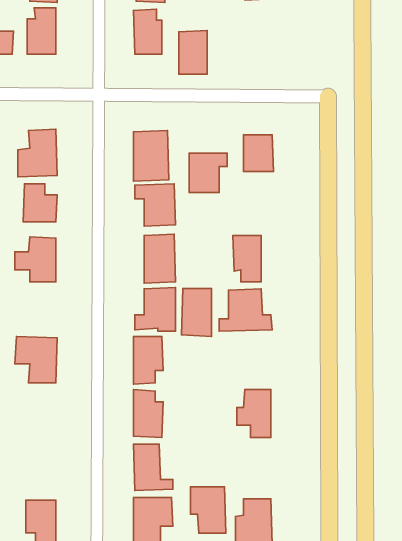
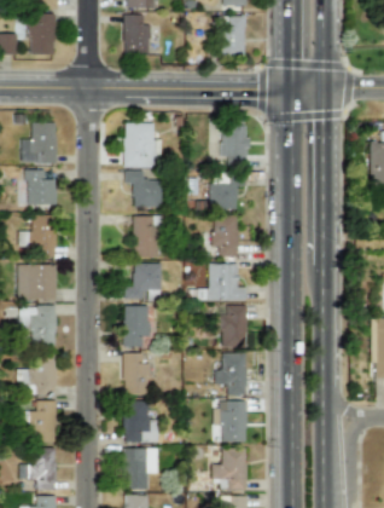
building: [179,31,207,74] -> [221,16,246,54]
building: [189,153,227,193] -> [211,173,245,208]
building: [181,289,211,336] -> [221,305,248,347]
building: none -> [18,264,58,299]
building: none -> [17,357,57,392]
building: none -> [21,399,57,441]
building: [191,487,226,533] -> [216,400,248,441]

